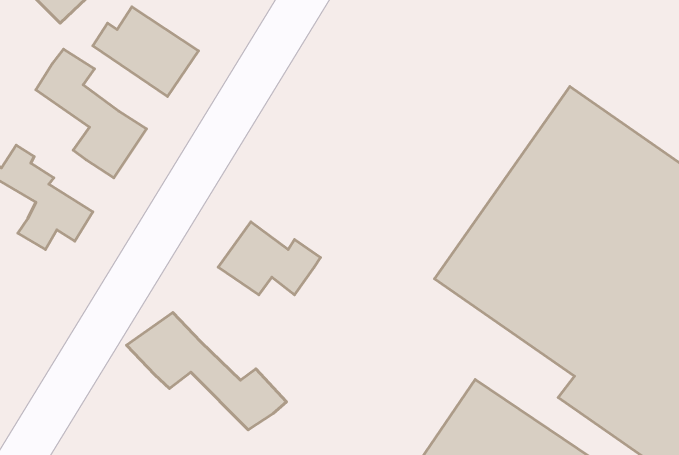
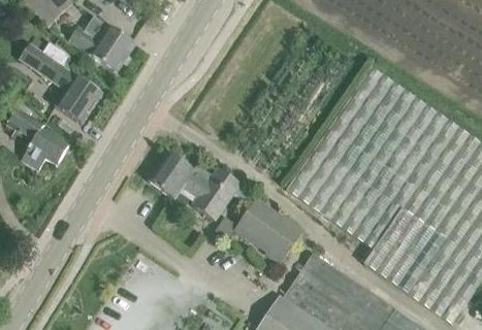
building: none -> [193,168,242,221]
building: none -> [235,199,302,262]
building: [127,312,287,430] -> none

